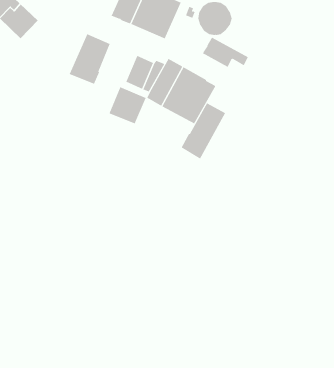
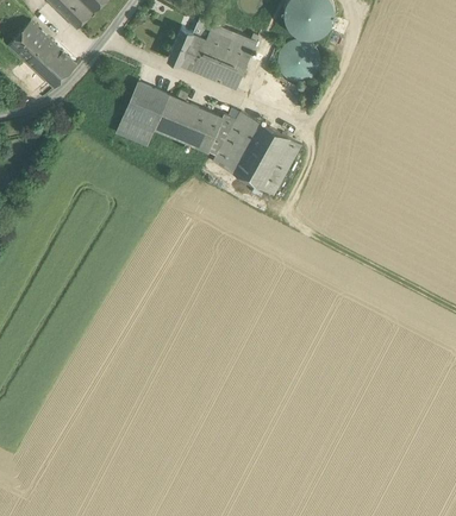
building: [201,37,249,68] -> none
building: [109,86,146,124] -> [154,94,201,141]
building: [181,103,226,159] -> none

